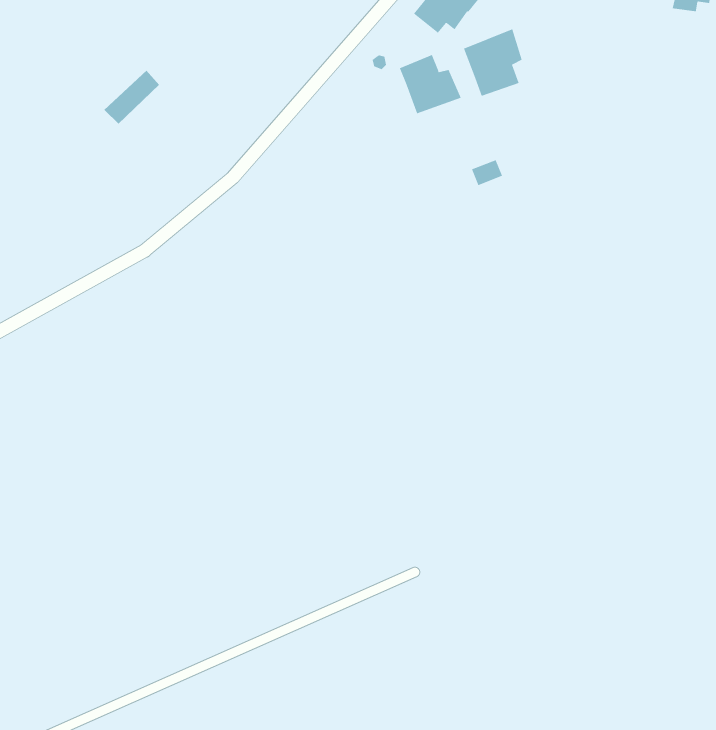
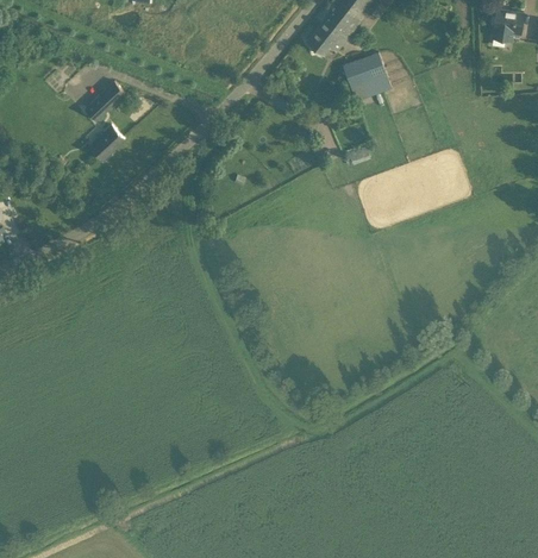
building: [399,54,462,114] -> none
building: none -> [87,125,123,159]

